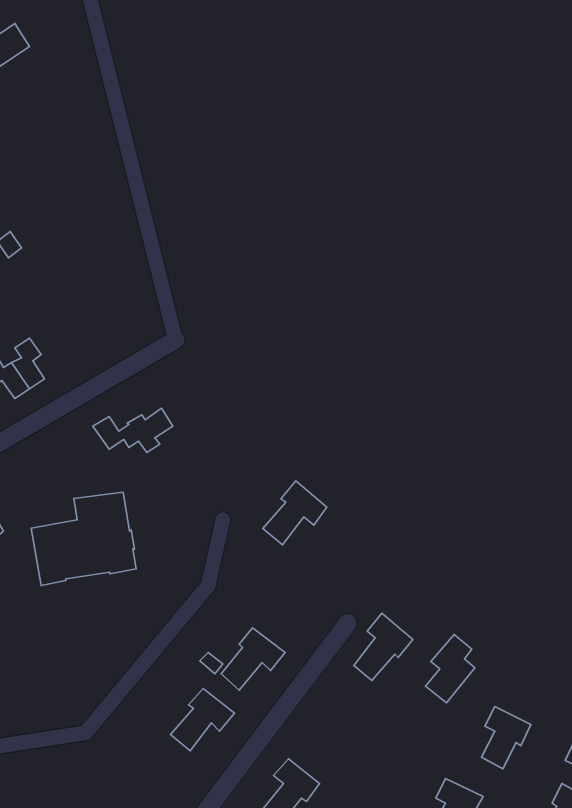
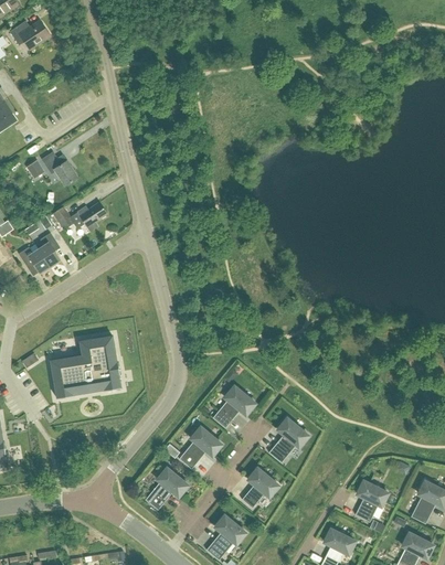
building: none -> [42,150,78,184]
building: [93,408,173,453] -> [53,200,107,230]
building: [263,481,327,545] -> [212,384,255,427]
building: [426,634,475,703] -> none
building: none -> [242,467,278,507]

